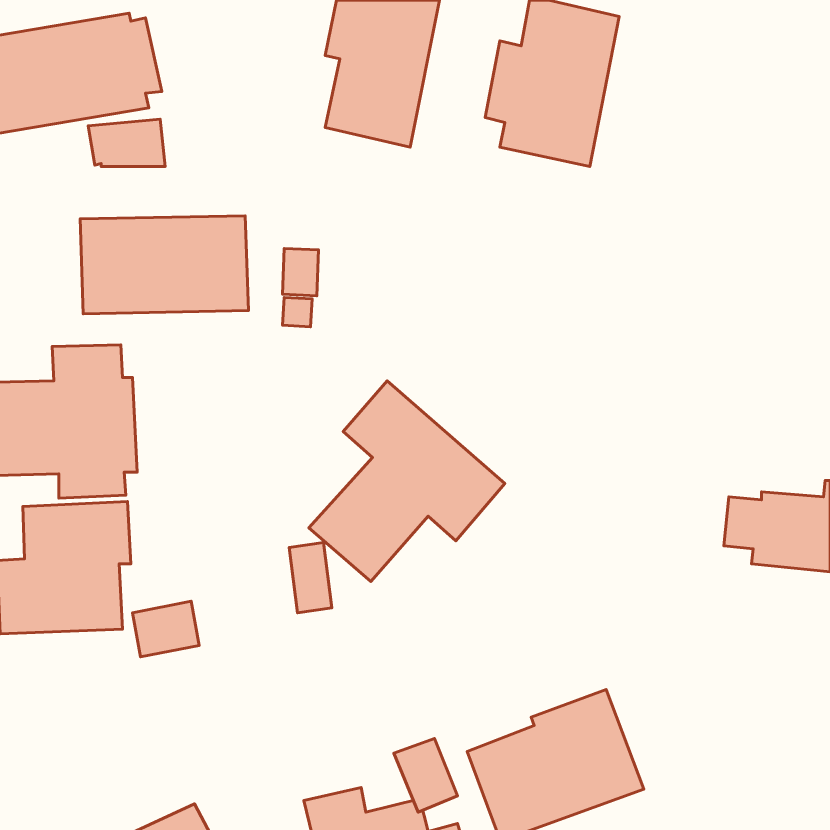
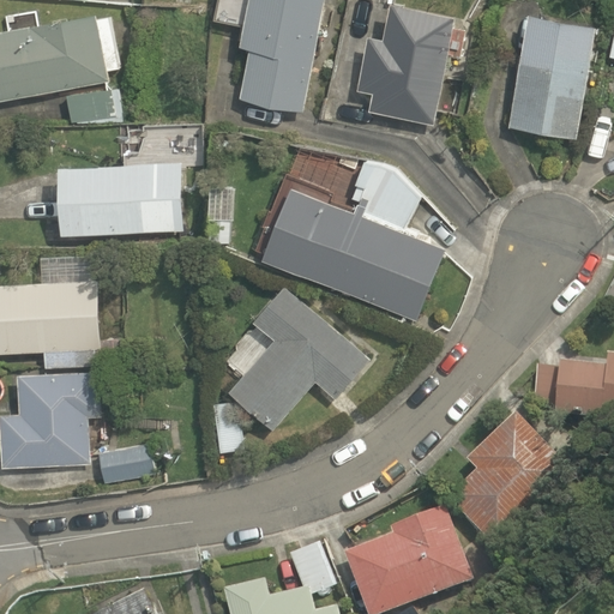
building: none -> [507,12,596,140]
building: none -> [261,161,445,321]
building: none -> [446,415,576,554]

